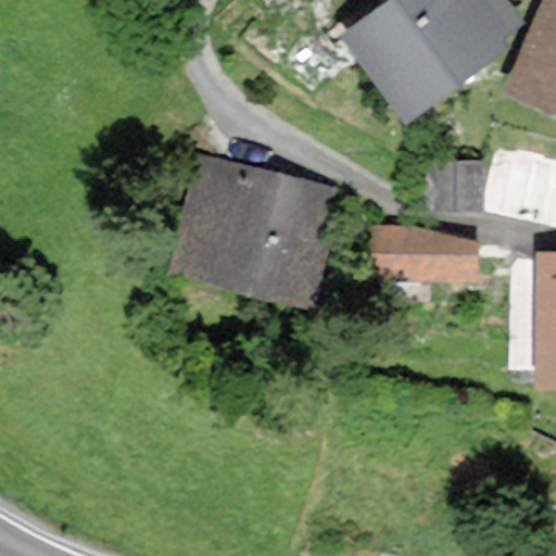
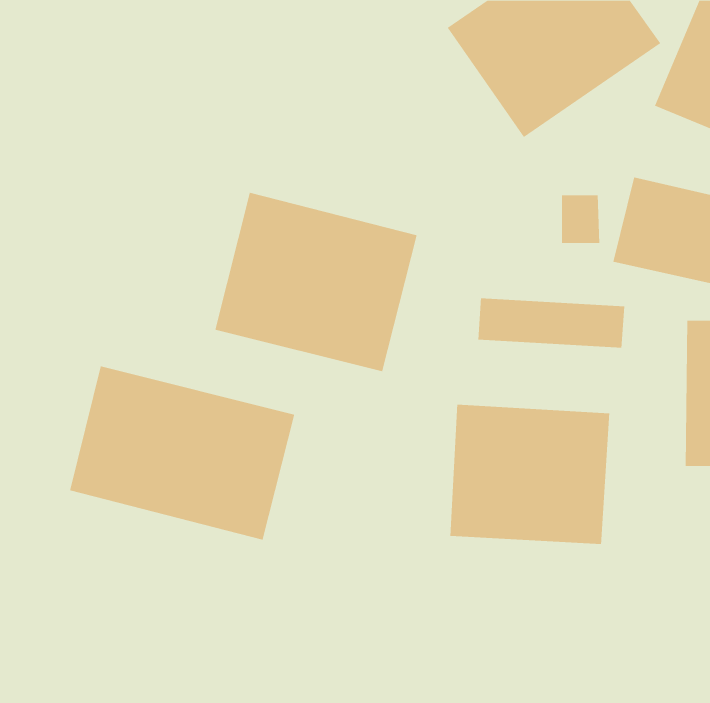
building: none -> [69,366,295,541]
building: none -> [450,404,610,545]

